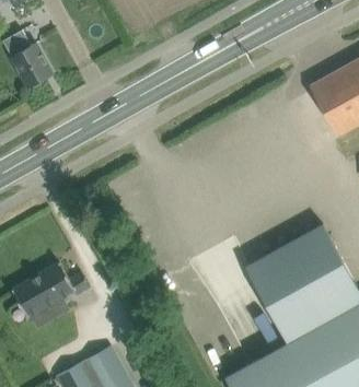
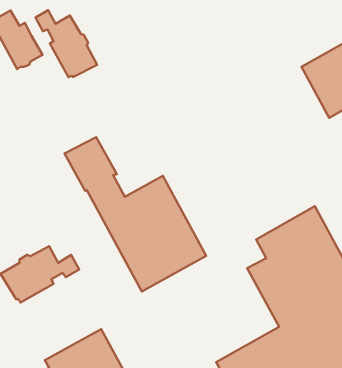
building: none -> [36,10,97,77]
building: none -> [64,137,206,292]

